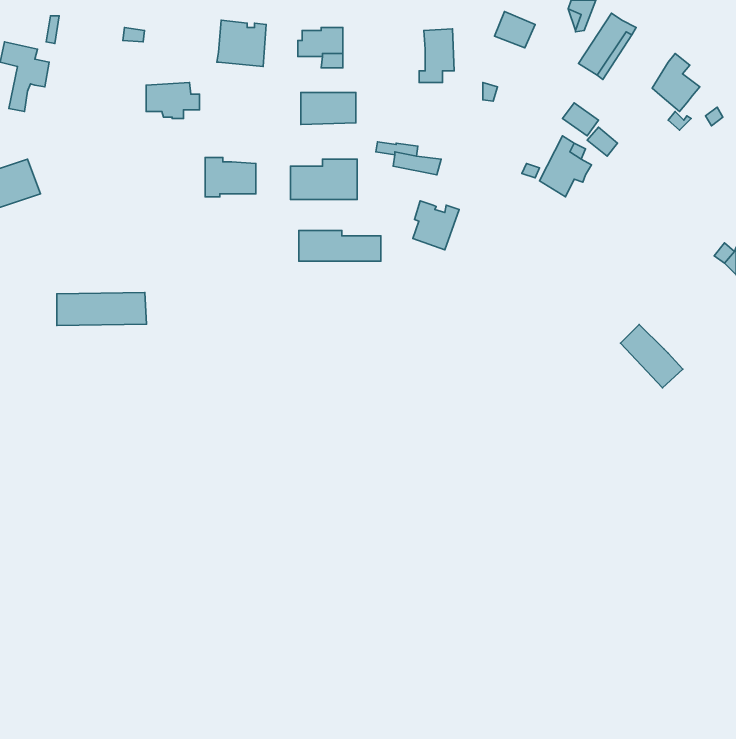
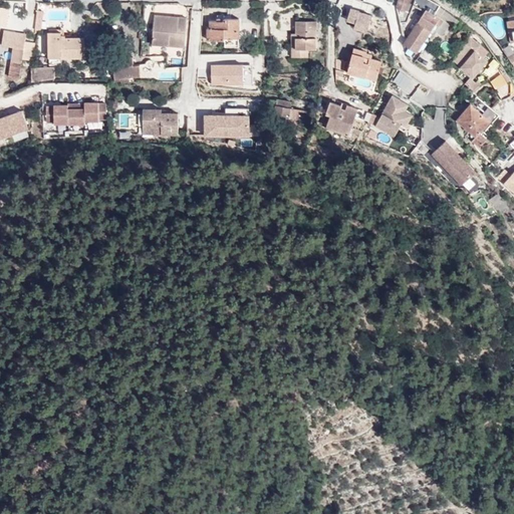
building: none -> [48,32,83,58]
building: none -> [346,48,380,79]
building: none -> [456,96,498,147]
building: [413,201,459,250] -> [325,101,357,136]
building: [299,230,381,261] -> none
building: [57,292,146,326] -> [43,103,105,126]
building: [621,324,683,388] -> [431,141,474,185]

